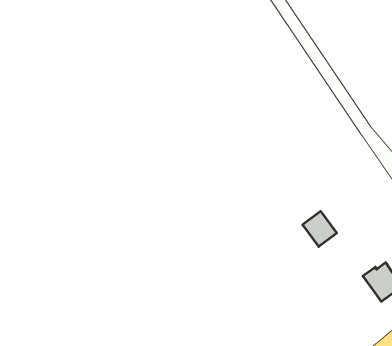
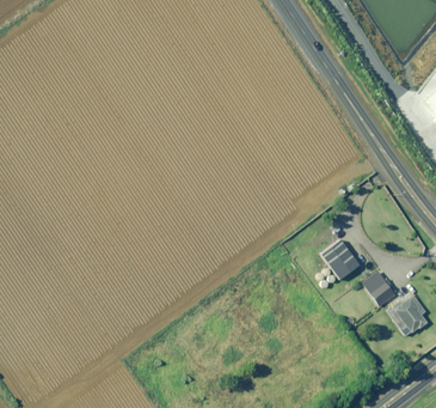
building: none -> [362,270,397,306]

